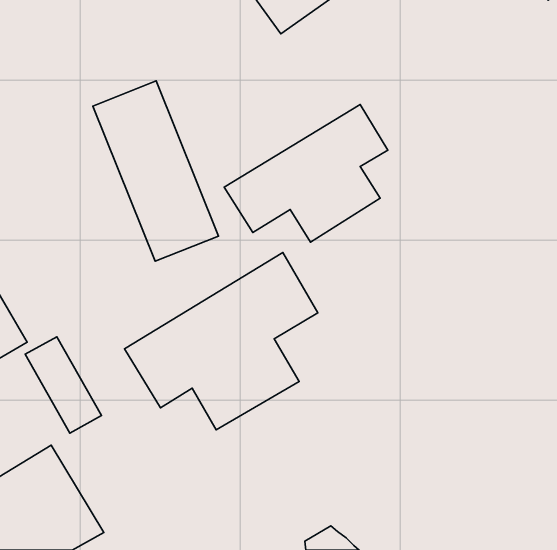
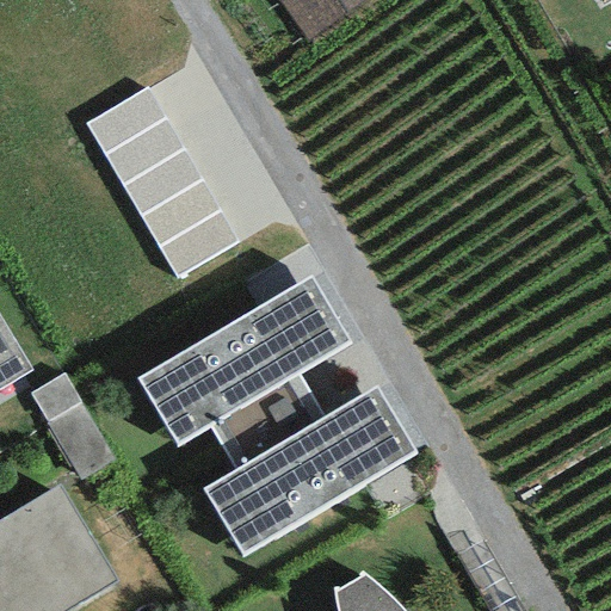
building: [224,104,388,242] -> none
building: none -> [203,385,416,555]

